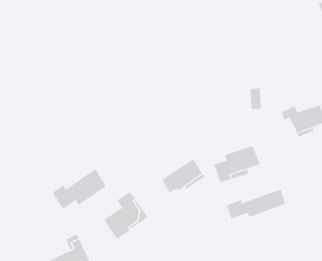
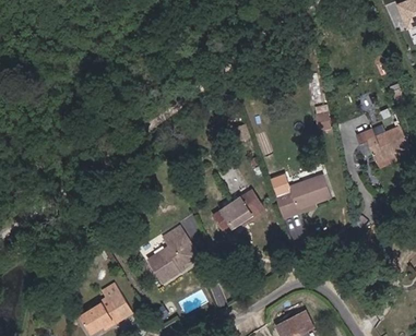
building: [52,168,107,210] -> none
building: [226,189,286,220] -> none

